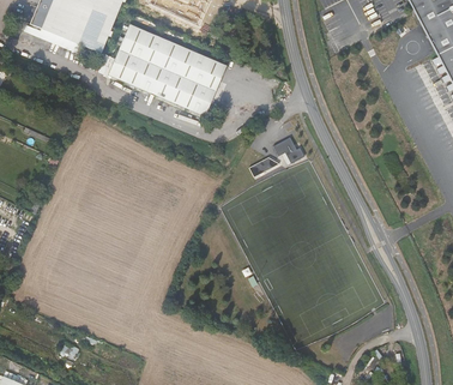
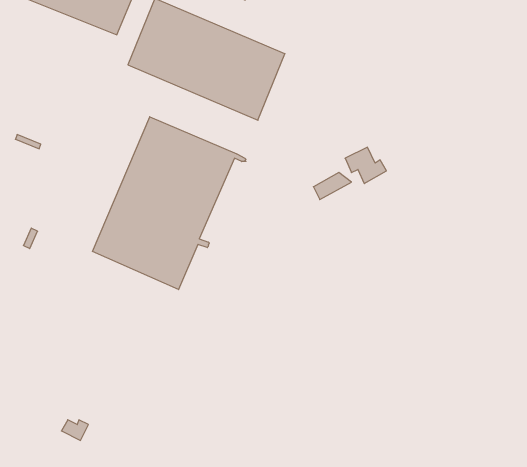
building: none -> [93,117,246,290]

